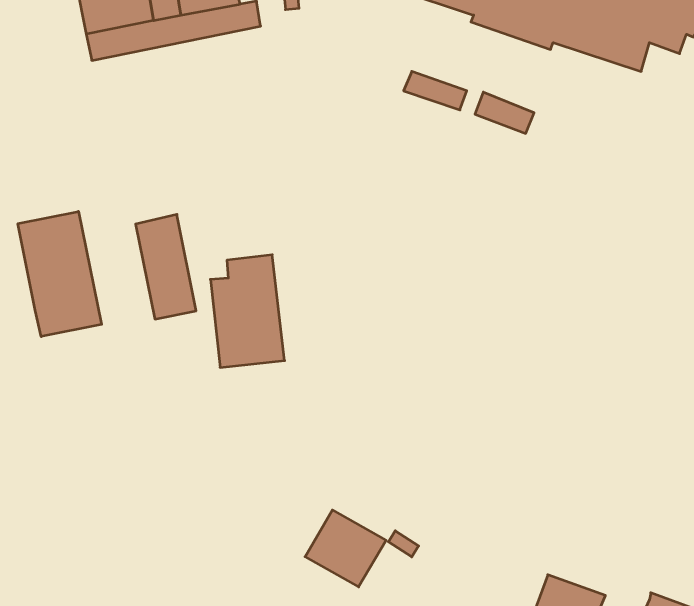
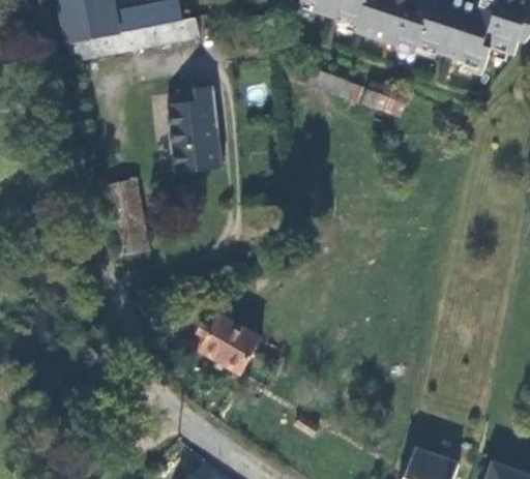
building: [18,211,102,337] -> none
building: [210,255,285,367] -> [167,87,223,172]
building: [305,510,386,587] -> [200,315,261,372]

